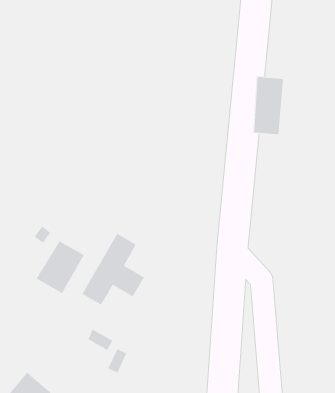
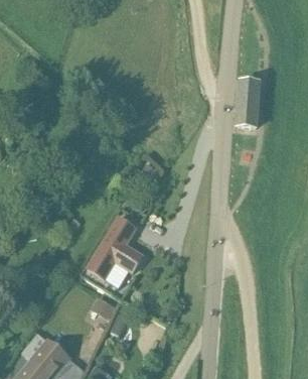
building: [36,241,85,294] -> none

